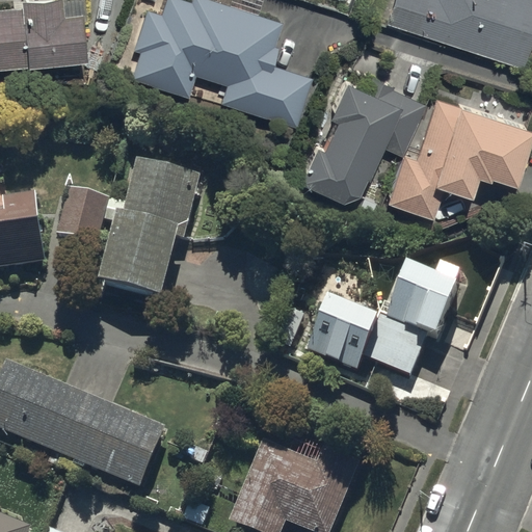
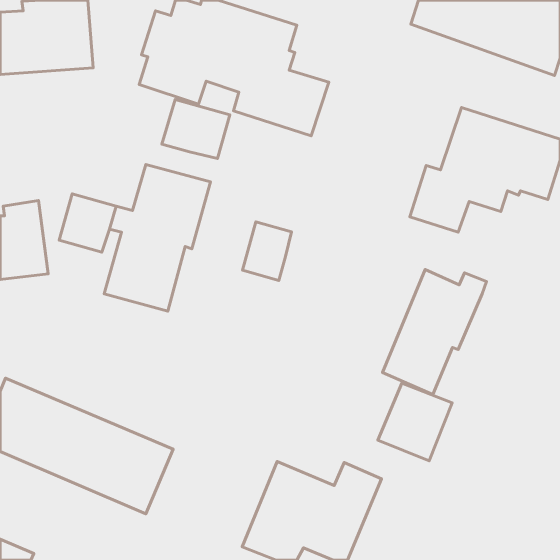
building: [301,78,427,206] -> none
building: none -> [162,99,230,159]
building: none -> [243,222,291,281]
building: [308,293,378,367] -> [378,383,452,461]

